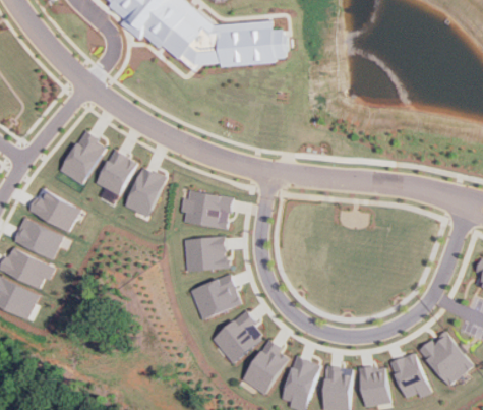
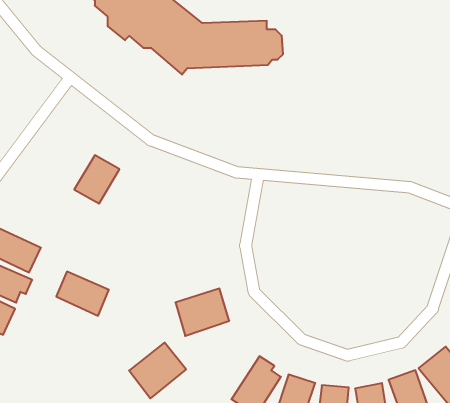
building: [57,131,105,184] -> none
building: [122,166,163,217] -> none
building: [27,189,77,231] -> [56,272,109,316]
building: [179,189,230,229] -> none
building: [181,236,227,271] -> none
building: [210,311,264,364] -> [129,343,186,398]

